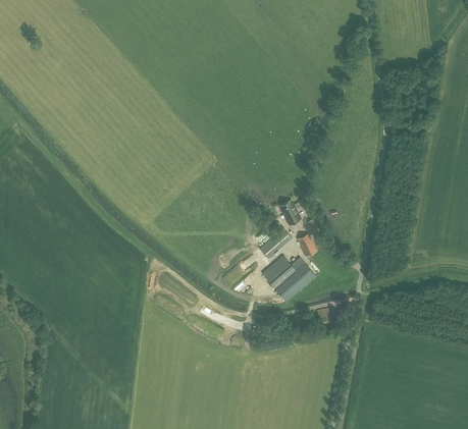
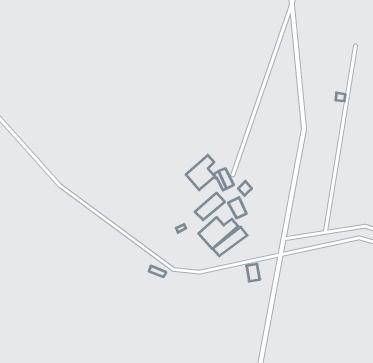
building: none -> [186,155,215,190]

